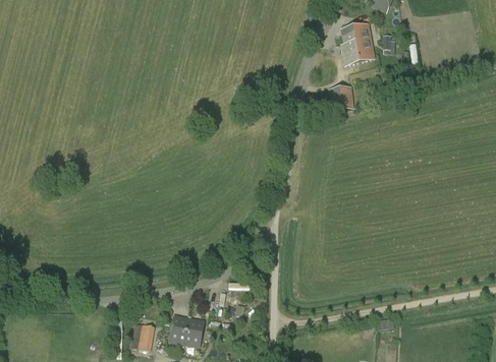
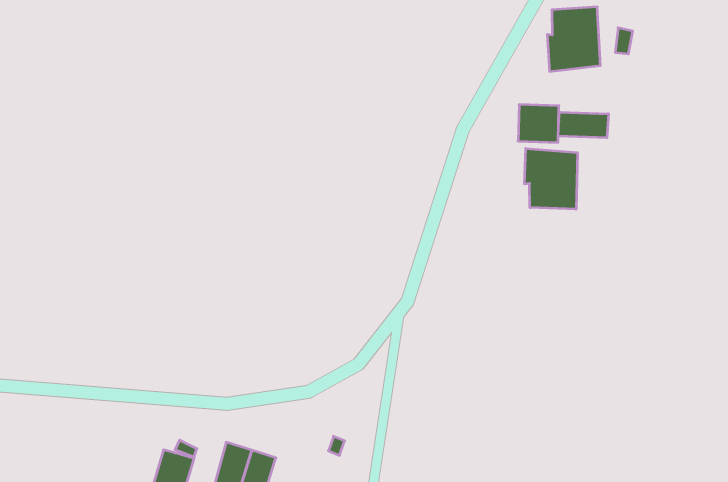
building: none -> [558,112,608,138]
building: none -> [525,148,577,209]

